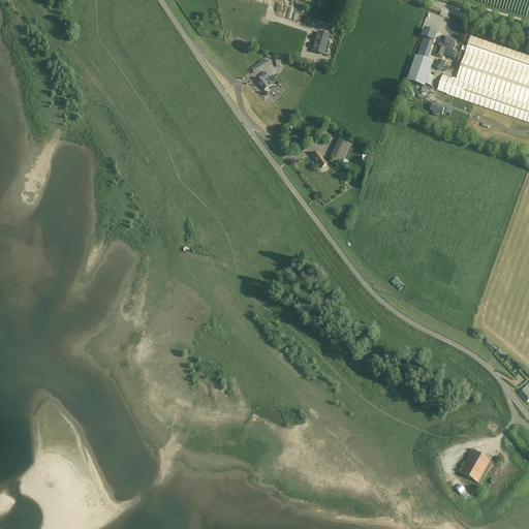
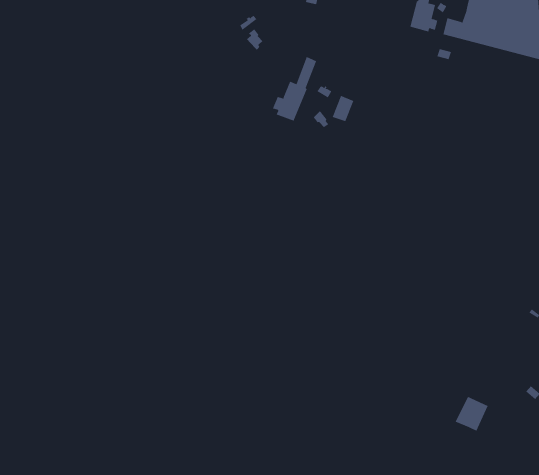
building: none -> [272,56,317,122]
building: [459,448,491,481] -> [455,396,488,431]

